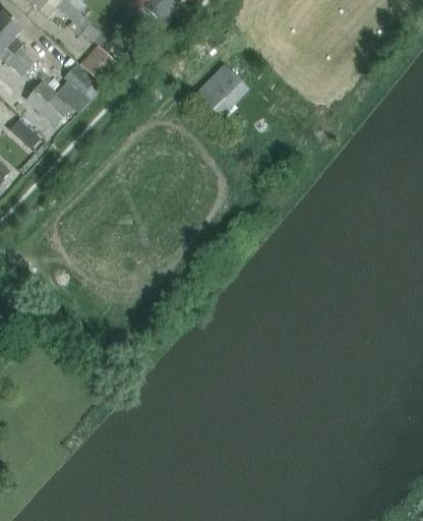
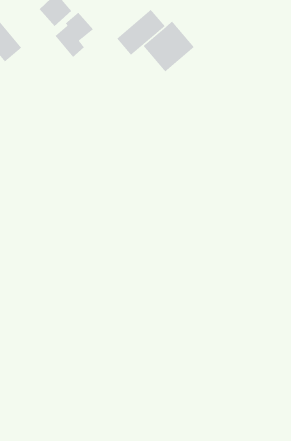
building: none -> [116,9,166,56]
building: [55,64,95,112] -> [55,12,94,58]

